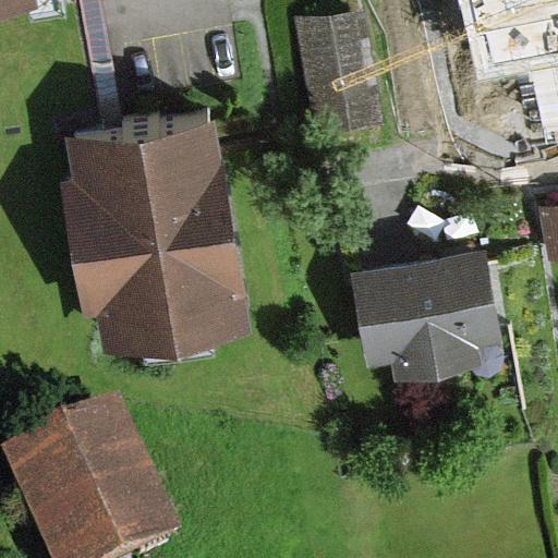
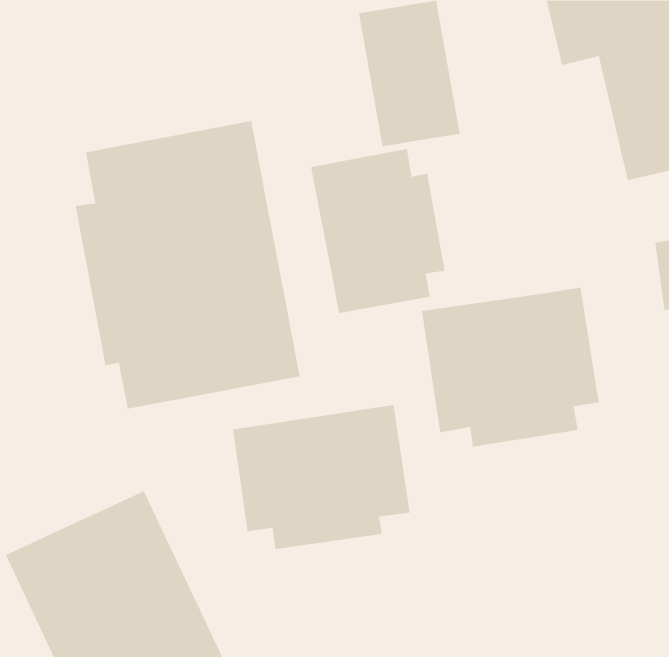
building: none -> [310,148,445,314]
building: none -> [233,404,410,550]

